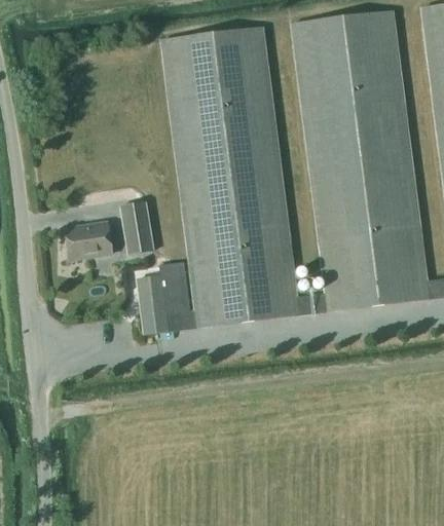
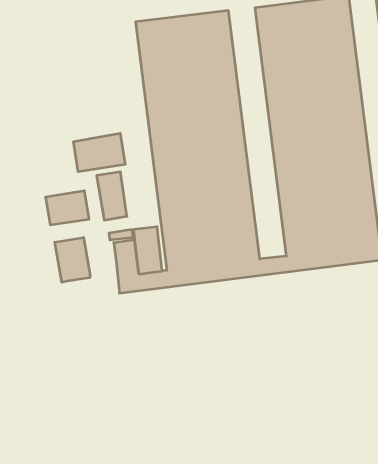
building: none -> [74,133,125,172]
building: none -> [55,237,90,282]

